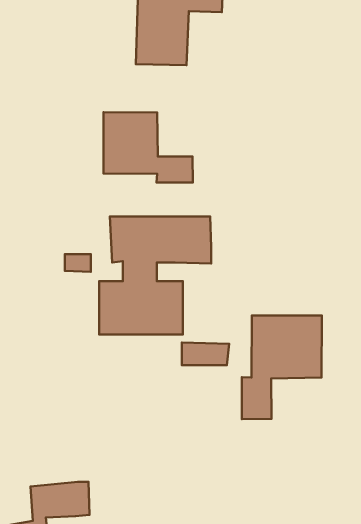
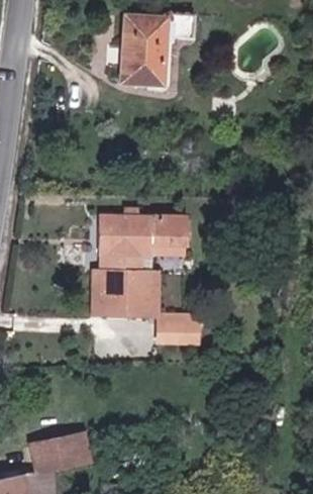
building: [104,112,193,183] -> none
building: [242,315,322,419] -> none

